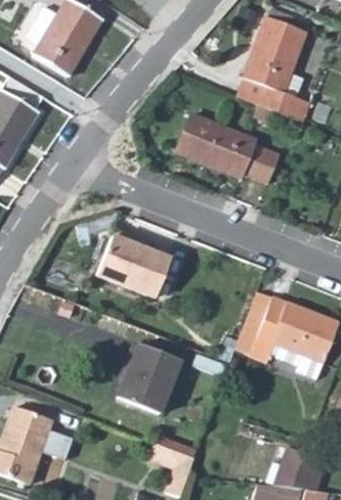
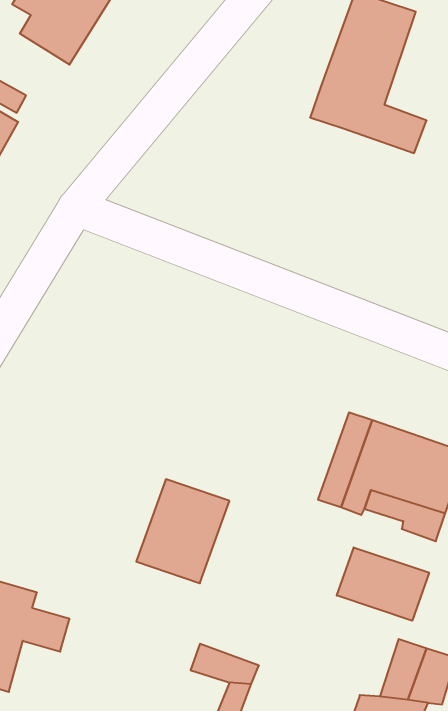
building: [178,122,281,186] -> none
building: [97,231,170,289] -> none
building: none -> [337,547,429,621]

